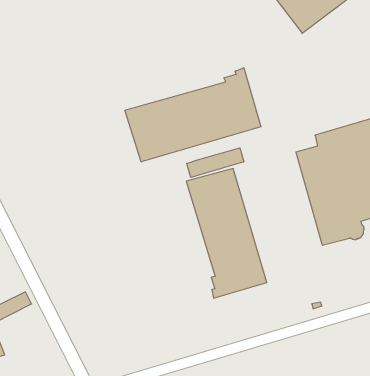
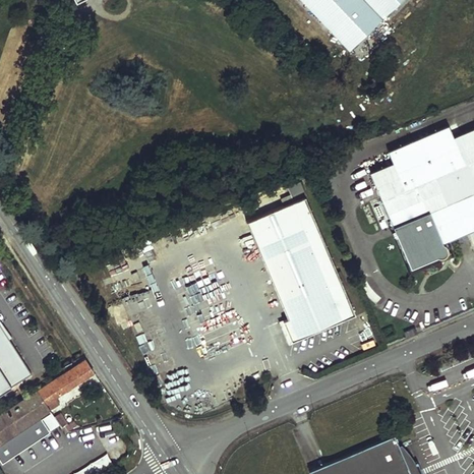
building: [125,68,261,162] -> none
building: [187,148,244,177] -> none

